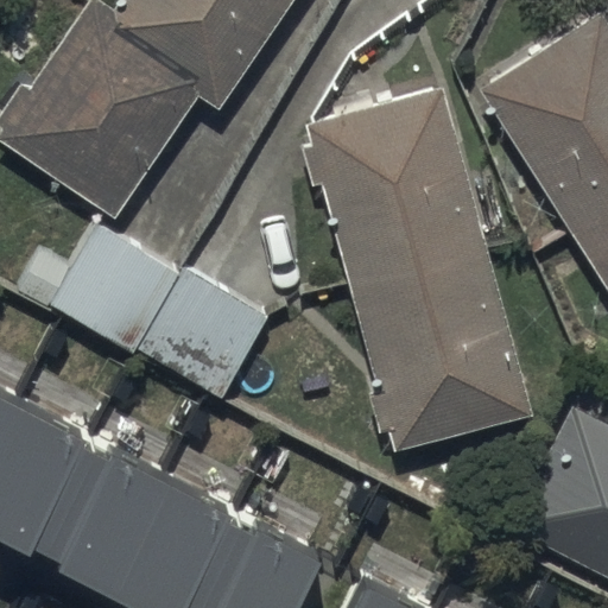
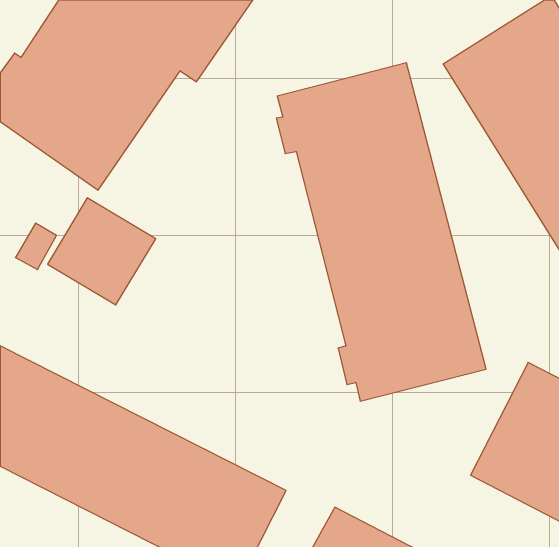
building: [144,276,265,395] -> none

